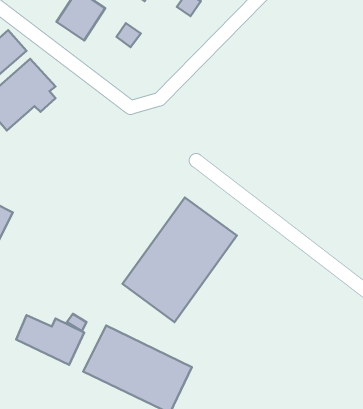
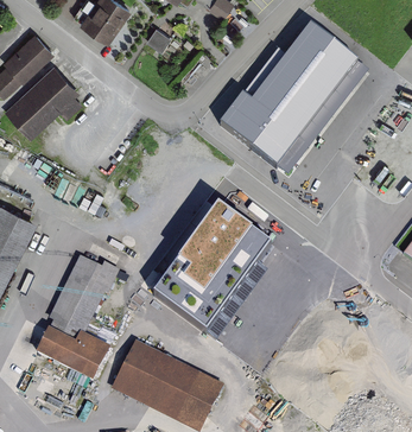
building: none -> [215,23,359,171]
building: none -> [56,256,121,328]

